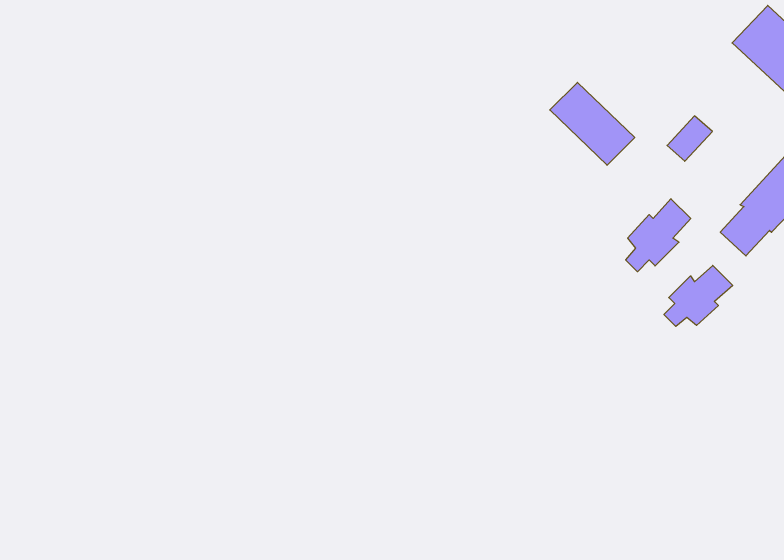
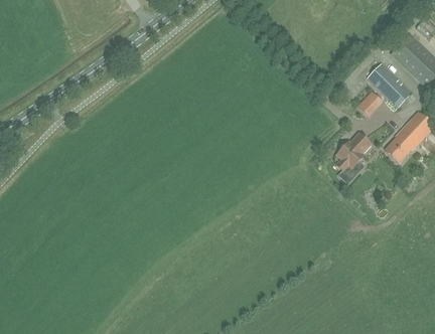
building: [550,82,635,165] -> [367,63,410,106]
building: [664,265,733,326] -> none

